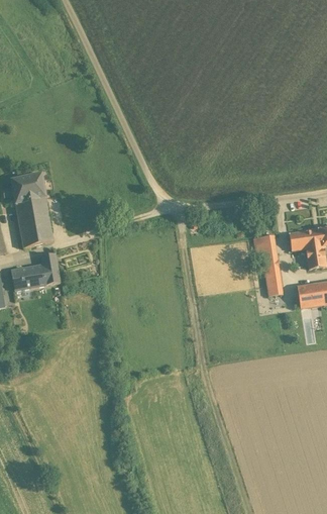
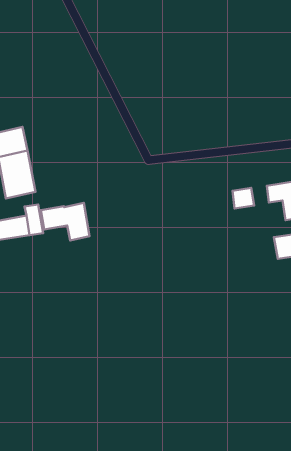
building: none -> [41,203,89,240]
building: [256,253,283,296] -> none

